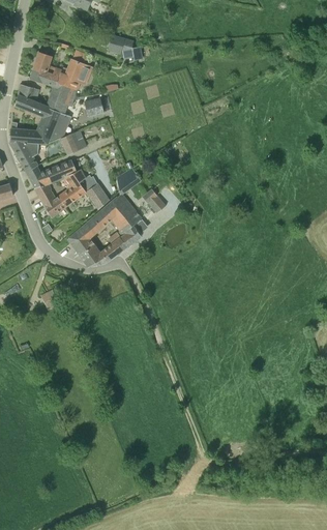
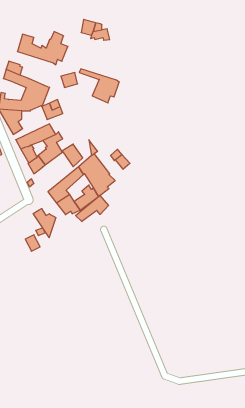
building: [30,72,78,113] -> [79,69,119,103]
building: none -> [76,195,109,222]
building: none -> [33,209,56,238]

